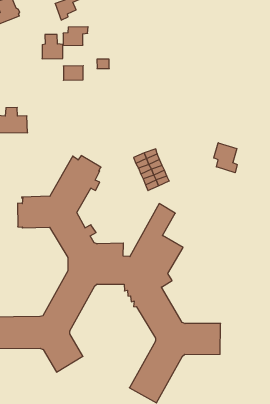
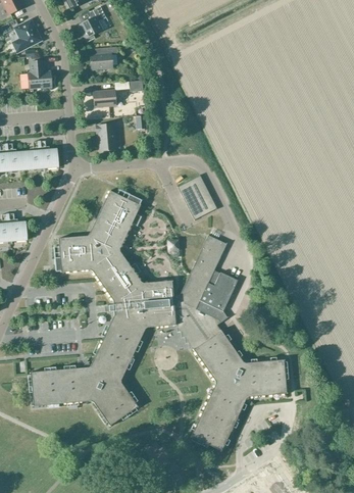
building: [42,35,63,59] -> [28,61,51,89]
building: none -> [96,124,115,150]
building: [214,143,237,173] -> none

